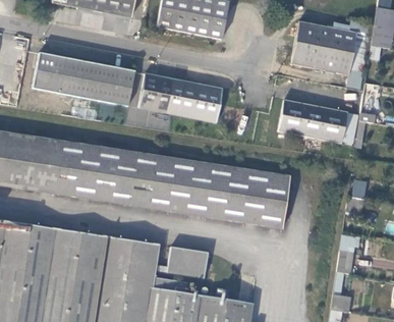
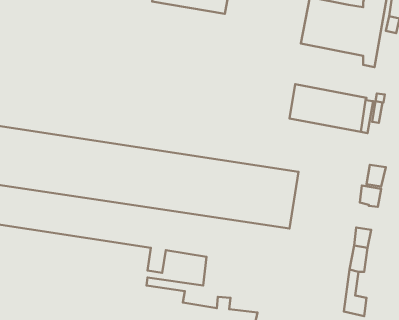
building: [35,56,136,108] -> none
building: [139,74,225,123] -> none

